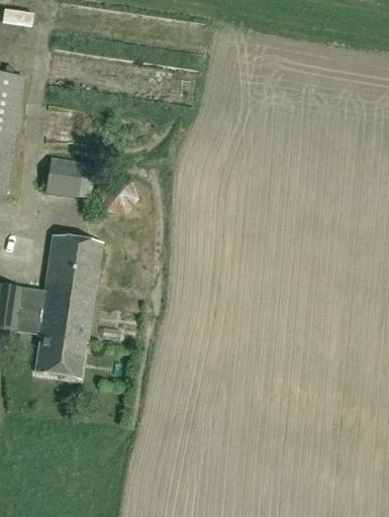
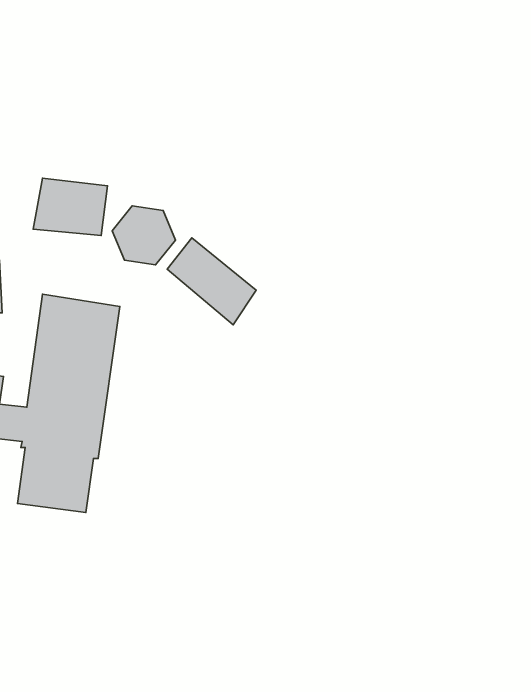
building: none -> [167,238,256,325]

